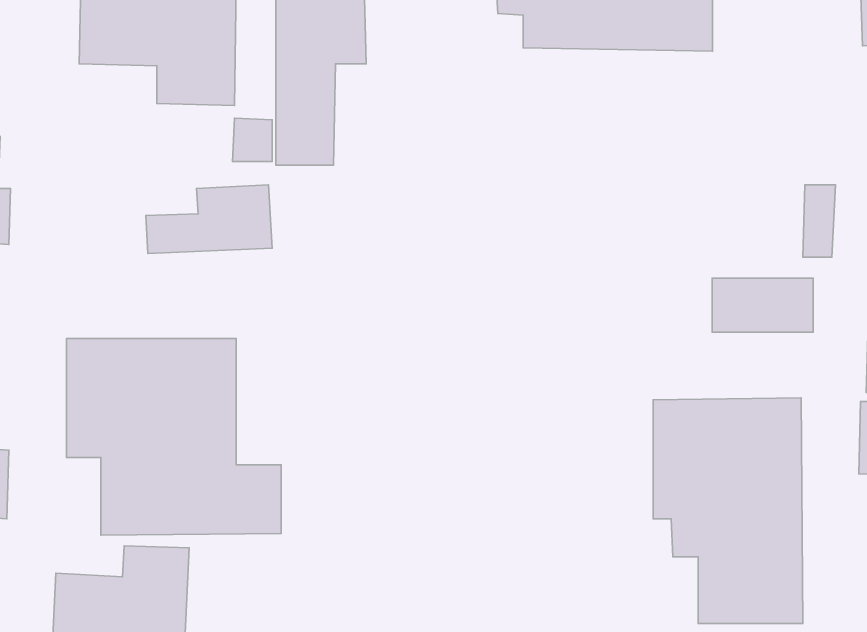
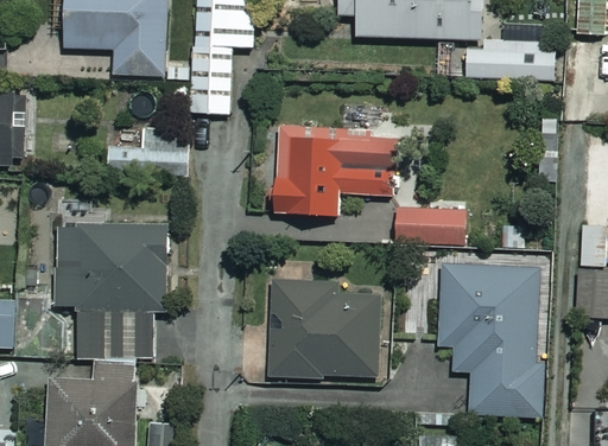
building: none -> [467,44,559,78]
building: none -> [274,127,392,217]
building: [712,278,813,332] -> [398,208,464,243]
building: none -> [268,283,380,377]

